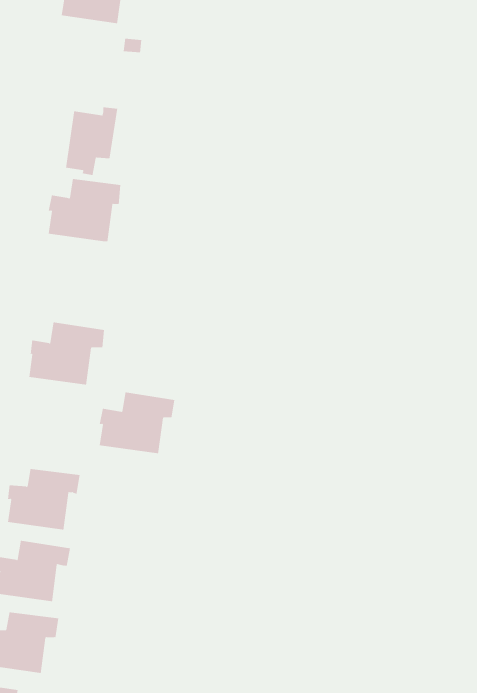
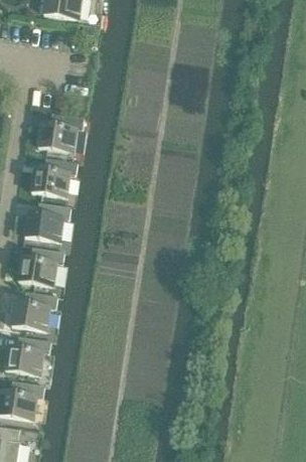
building: [65,107,118,176] -> none
building: none -> [30,158,76,196]
building: [99,392,175,454] -> [17,247,64,285]

